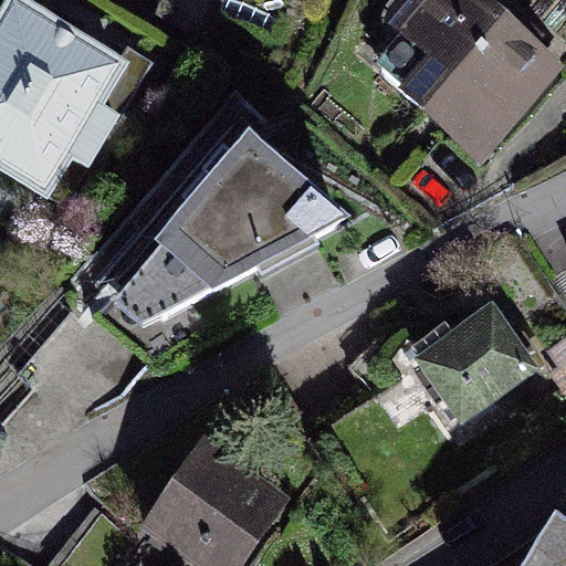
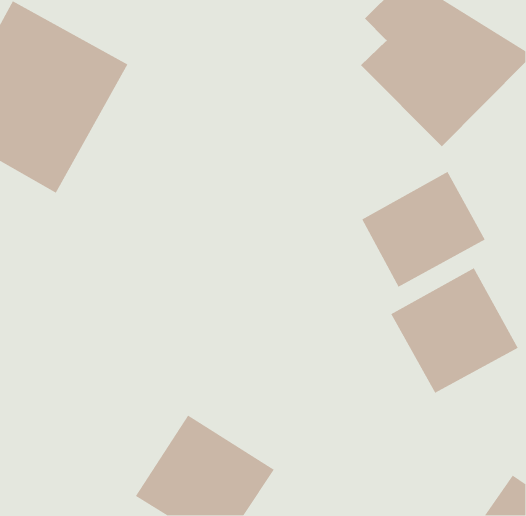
building: [97,116,346,343] -> none
building: none -> [361,171,486,288]

